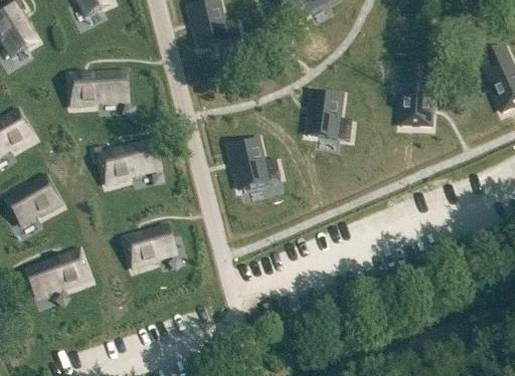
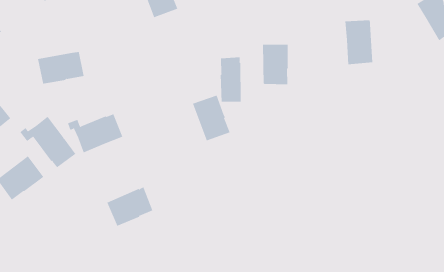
building: none -> [220,56,241,103]
building: none -> [20,116,76,168]
building: [36,250,90,293] -> none

